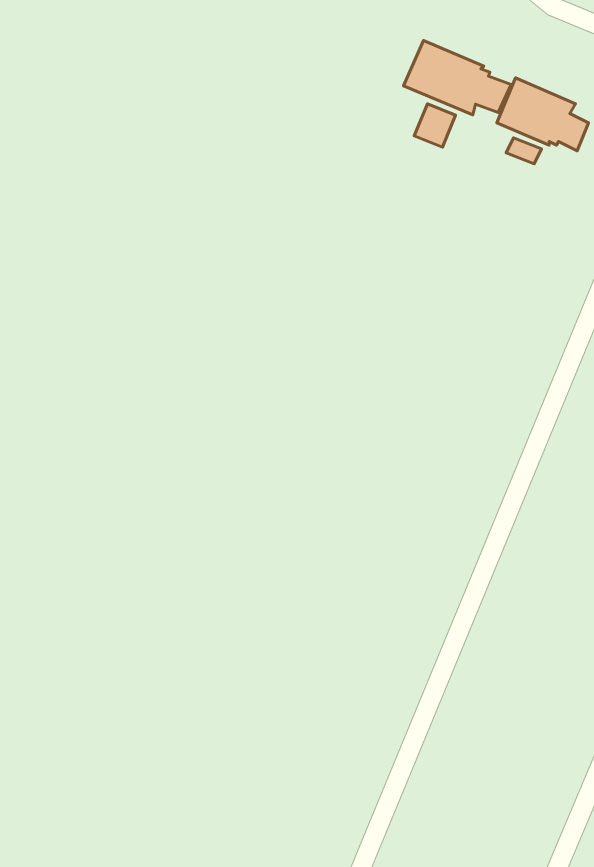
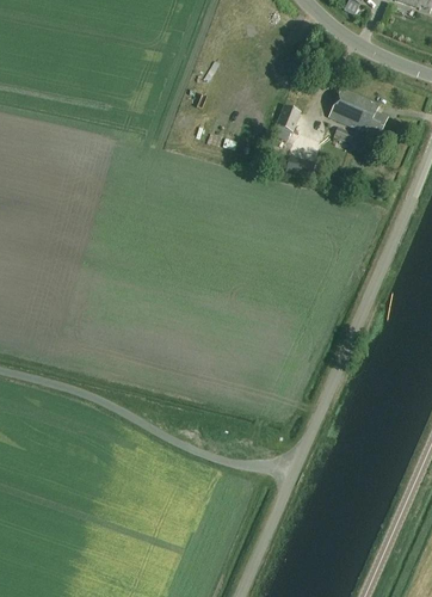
building: [404,40,511,115] -> none

